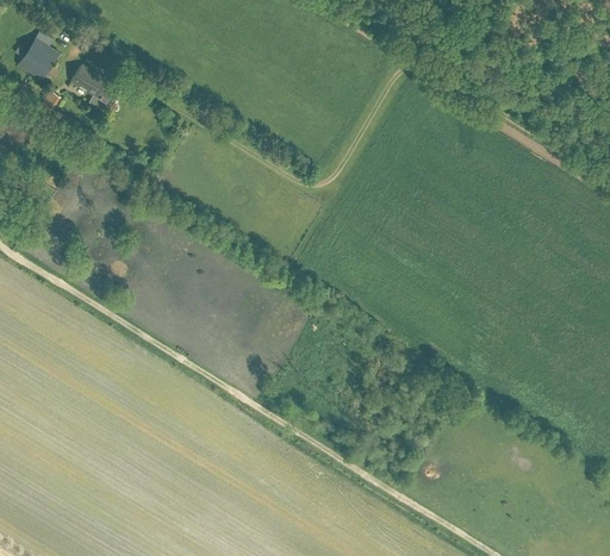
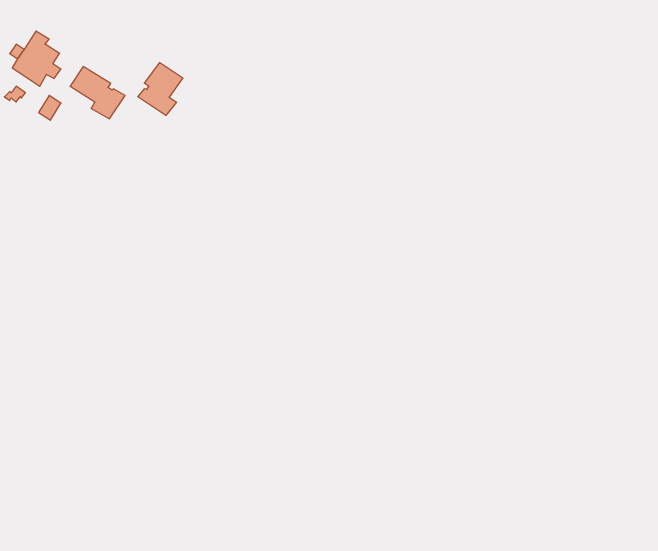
building: none -> [138,63,183,115]

